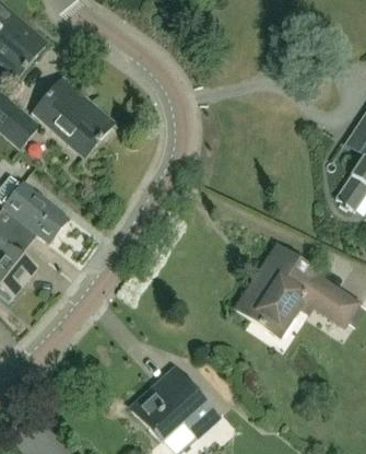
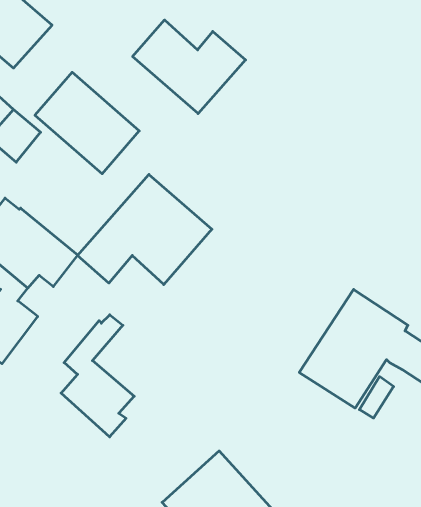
building: none -> [133,20,246,114]
building: none -> [77,174,212,285]
building: none -> [61,315,134,437]

